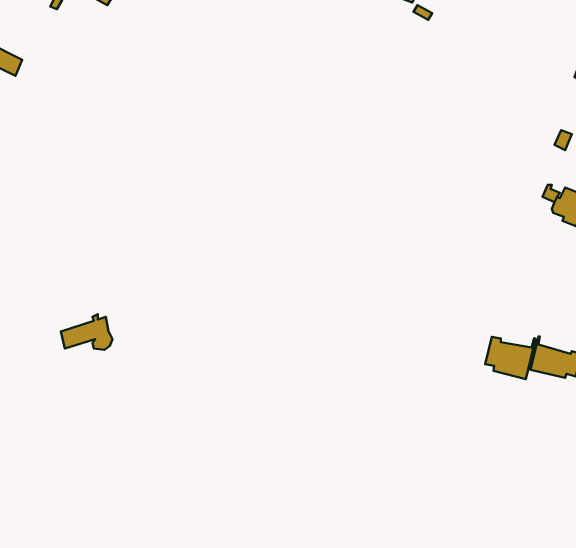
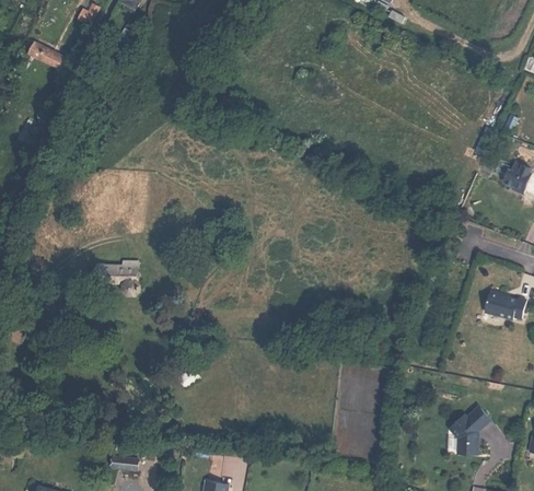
building: [485,337,535,379] -> none
building: none -> [451,404,491,451]

